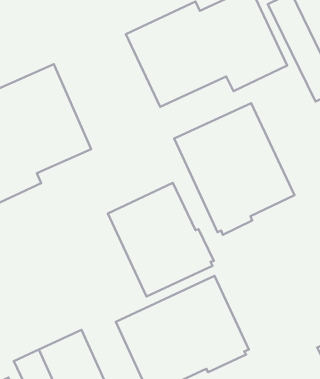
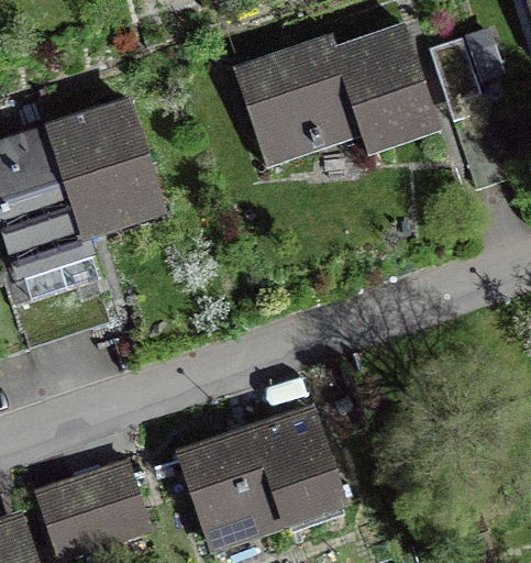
building: [174,103,294,235] -> none
building: [108,183,214,297] -> none

